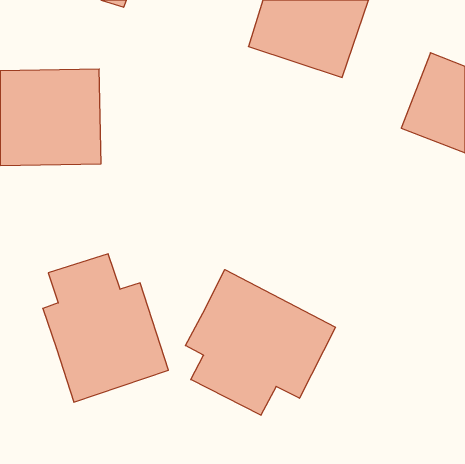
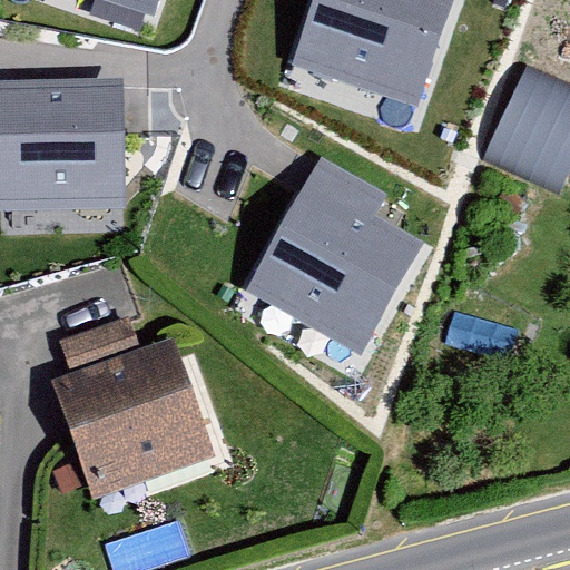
building: none -> [255,189,411,343]
building: [185,270,335,415] -> none

